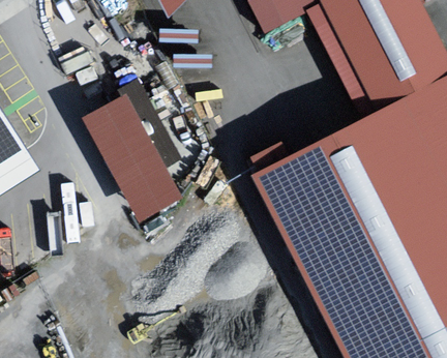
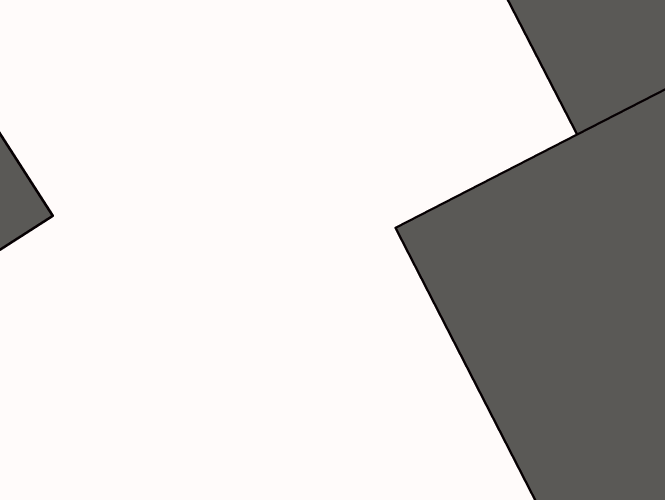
building: [86,96,179,221] -> none

